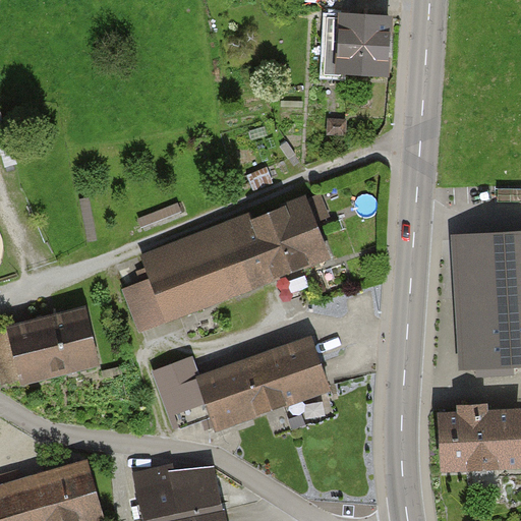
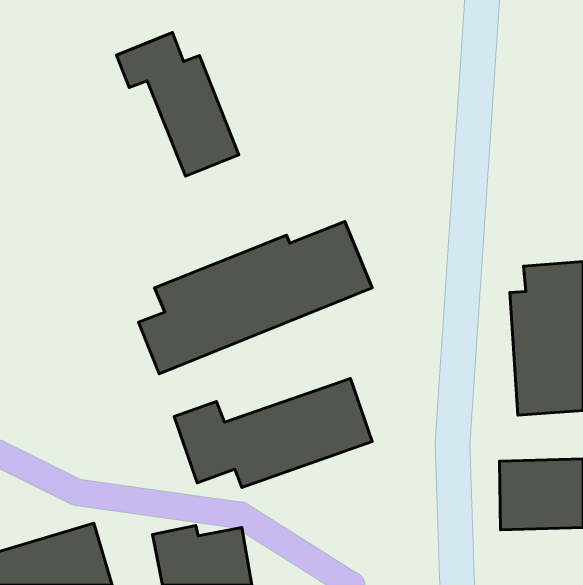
building: [337,16,391,77] -> none
building: none -> [117,33,239,176]
building: [8,310,98,384] -> none

